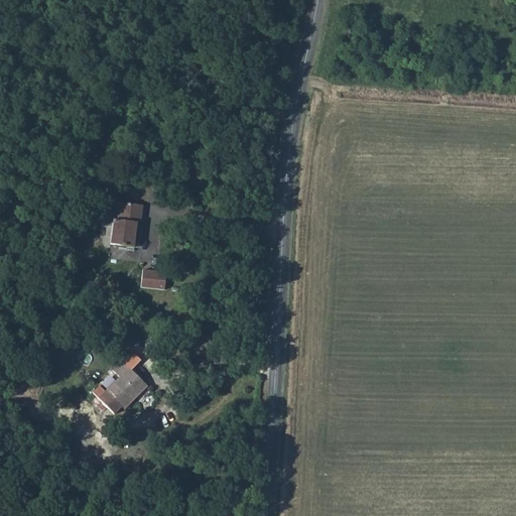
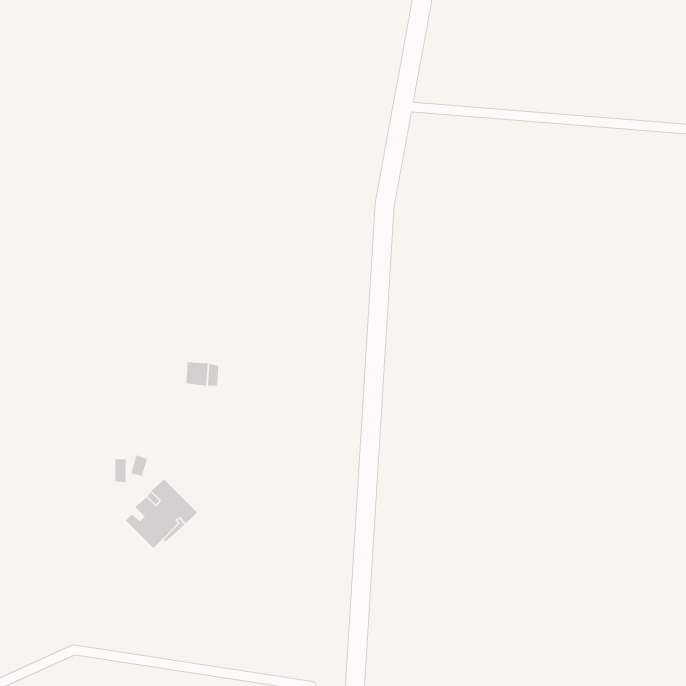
building: [112,202,143,246] -> none

